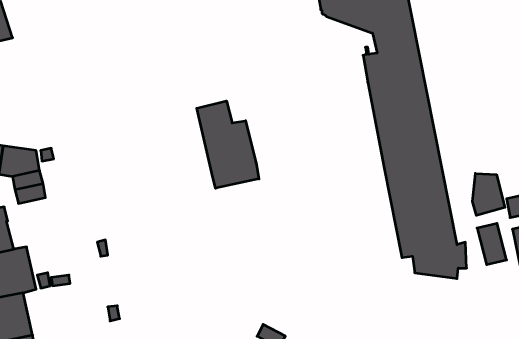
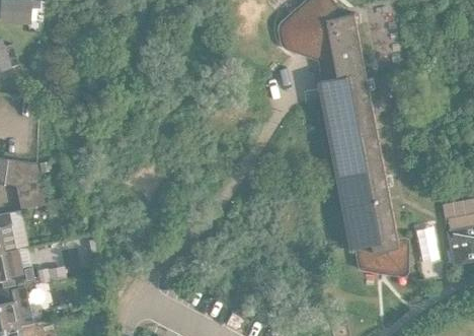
building: [197,101,259,188] -> none
building: [472,173,505,215] -> none

